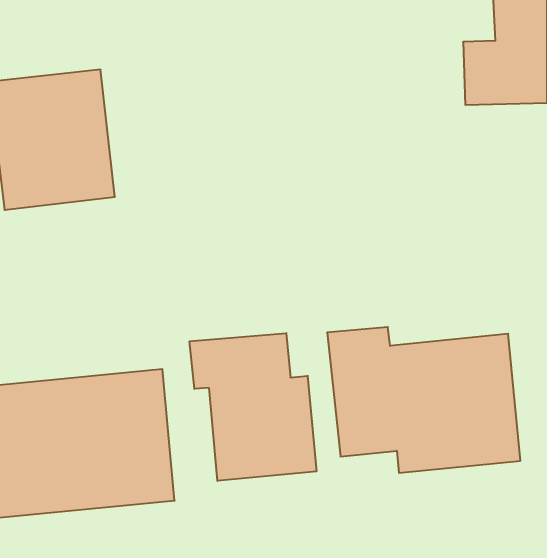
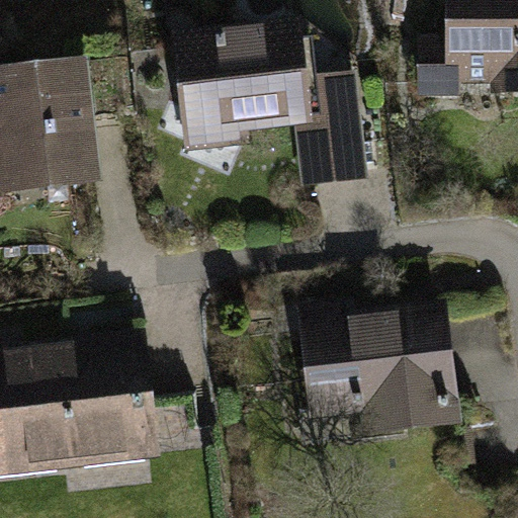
building: none -> [179,26,361,183]
building: [190,333,316,481] -> none

